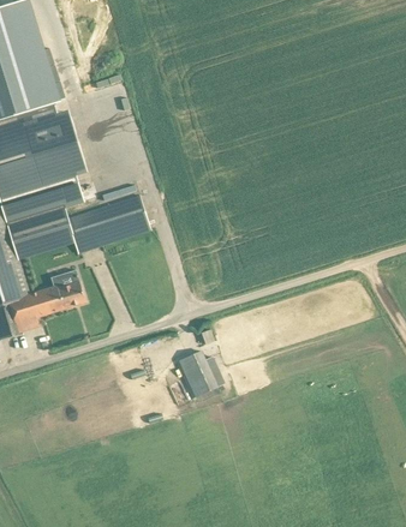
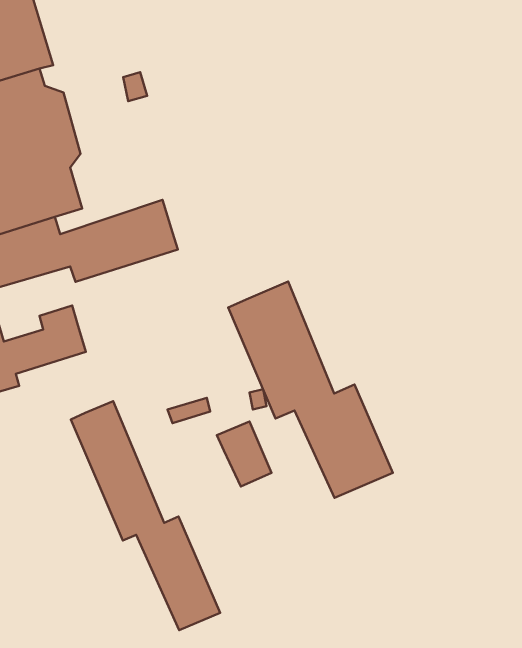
building: none -> [228,281,393,498]
building: none -> [71,401,220,630]

